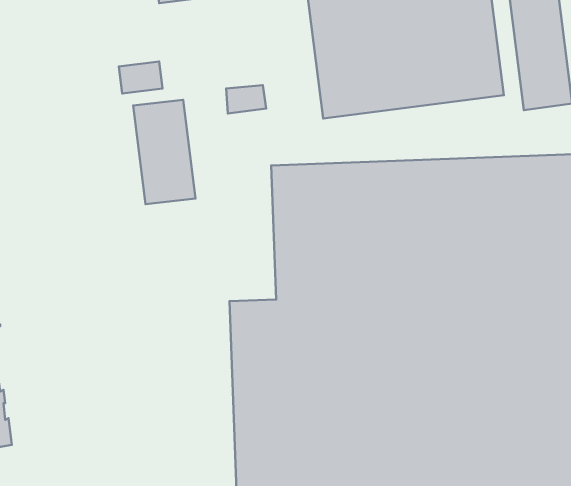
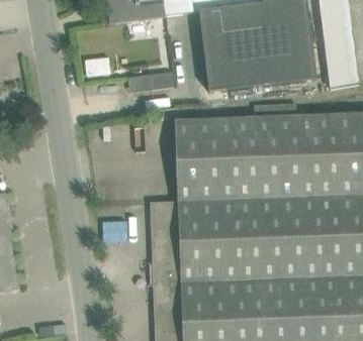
building: [133,100,195,204] -> none

